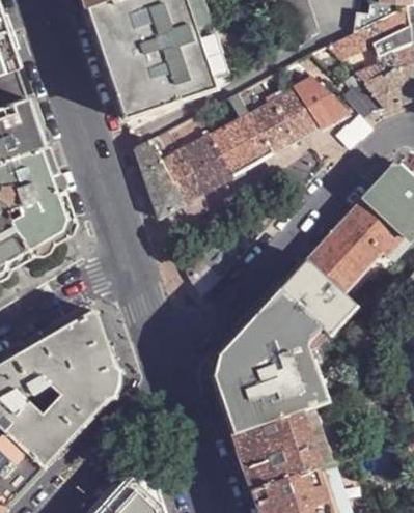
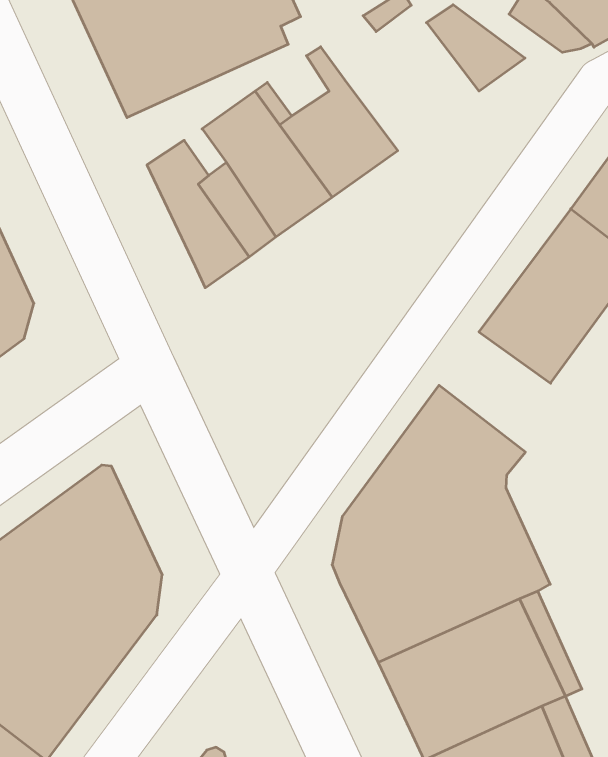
building: [248,87,321,155] -> none
building: [282,259,358,334] -> none

